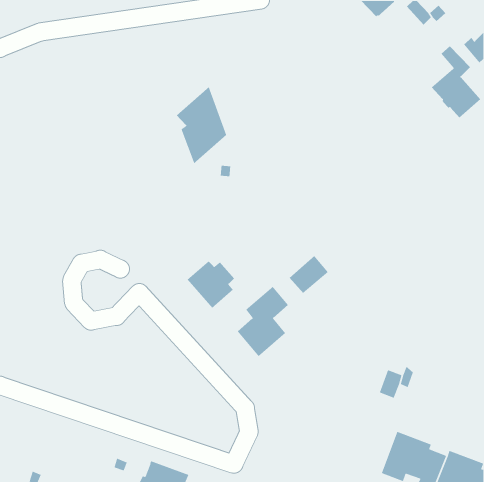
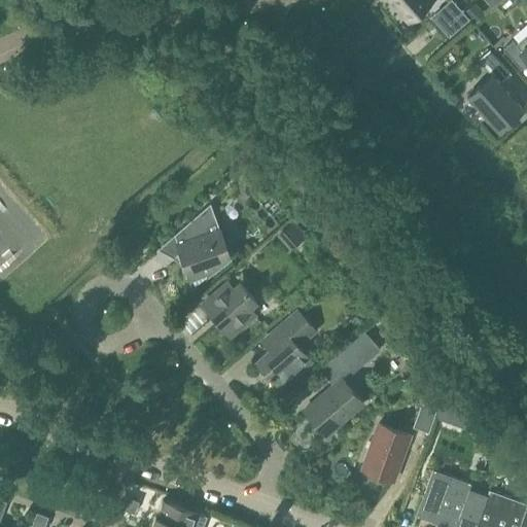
building: [176,86,227,164] -> [175,205,231,290]
building: [289,255,329,294] -> [337,333,380,376]
building: none -> [305,380,363,436]
building: none -> [362,425,411,482]

